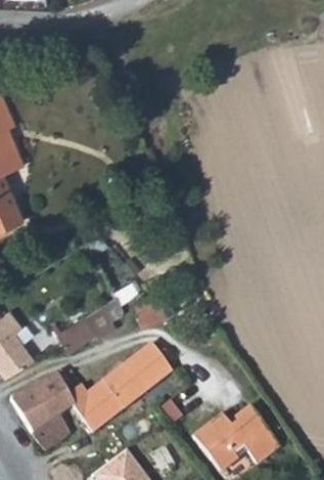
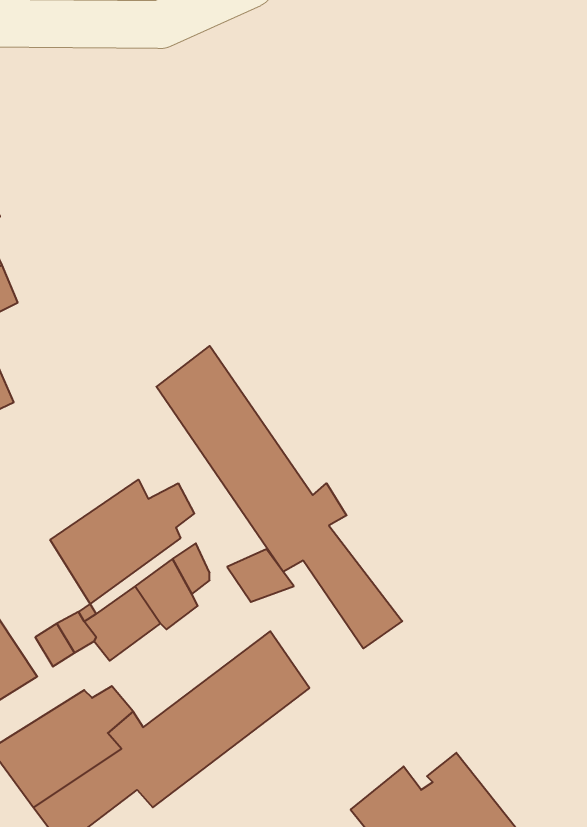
building: none -> [156,346,402,648]
building: none -> [50,480,194,604]

